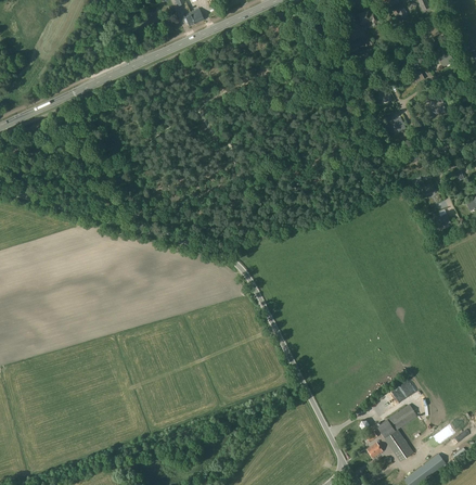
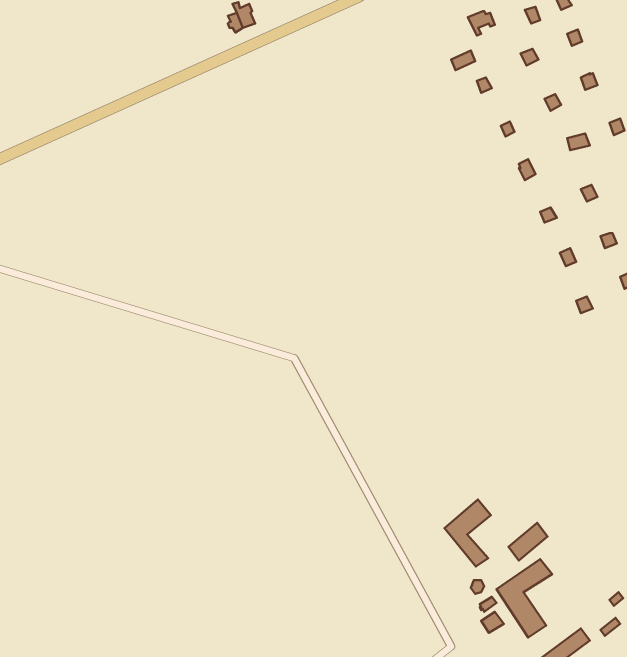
building: none -> [445,500,491,566]

